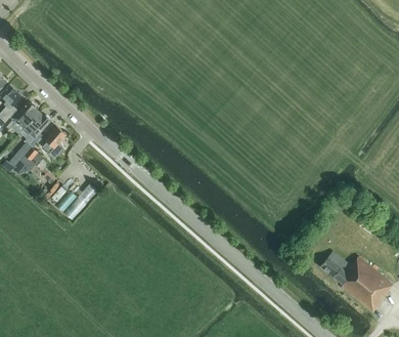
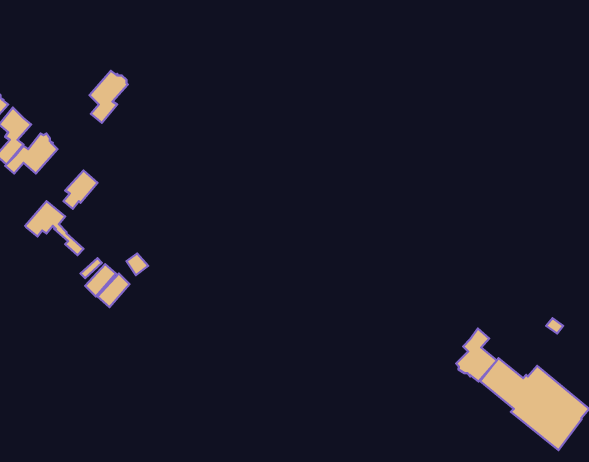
building: [25,113,50,148] -> [89,71,128,123]
building: none -> [456,329,497,381]

